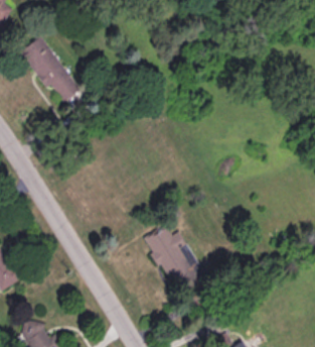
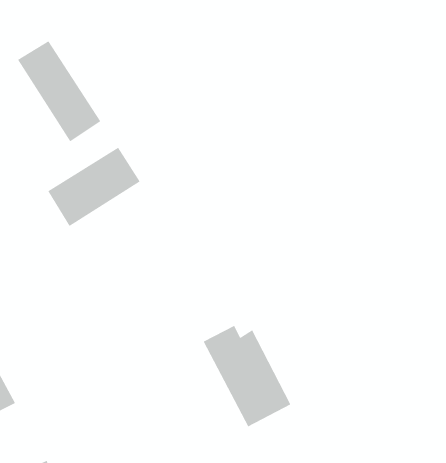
building: none -> [47,147,141,227]

